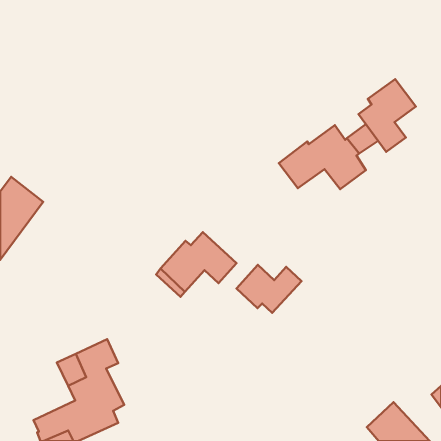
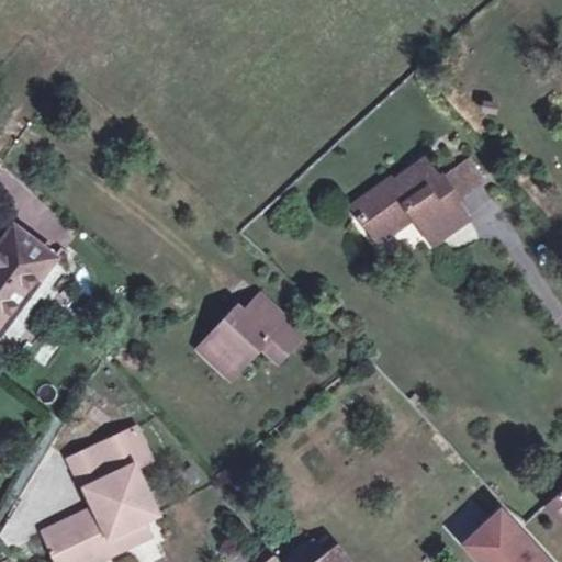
building: [359,79,416,152] -> none
building: [237,265,301,313] -> none

